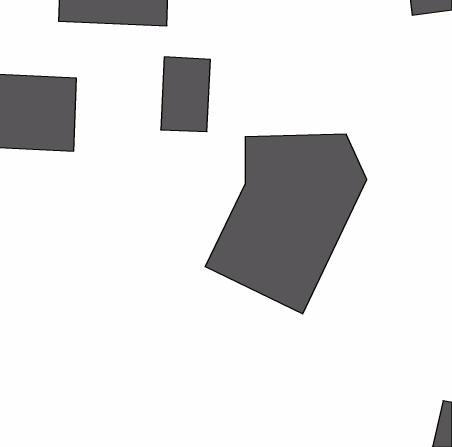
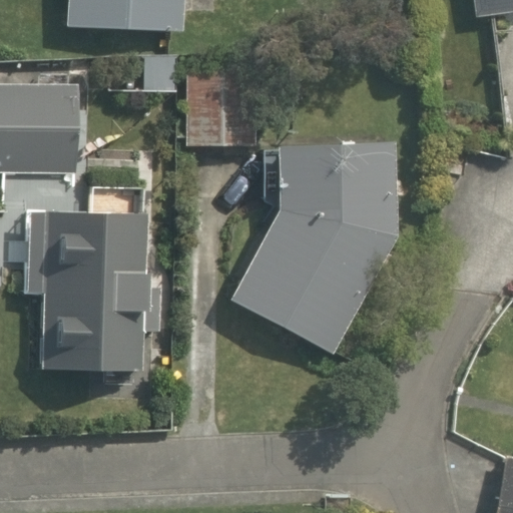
building: none -> [17,204,165,378]

